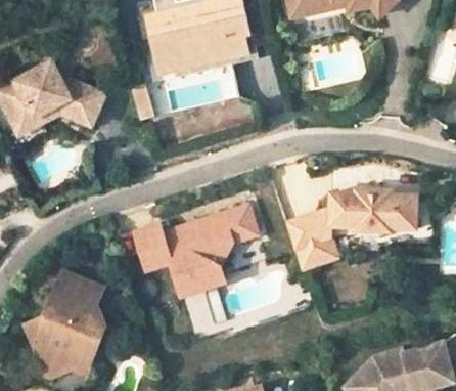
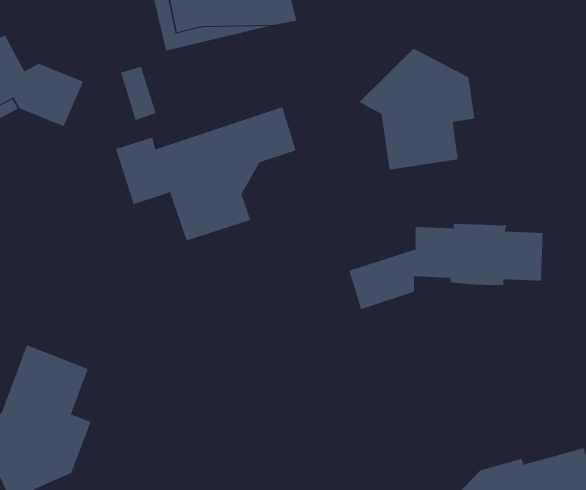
building: none -> [358,48,475,171]
building: [133,201,256,292] -> [115,107,296,241]
building: [291,236,334,269] -> none

